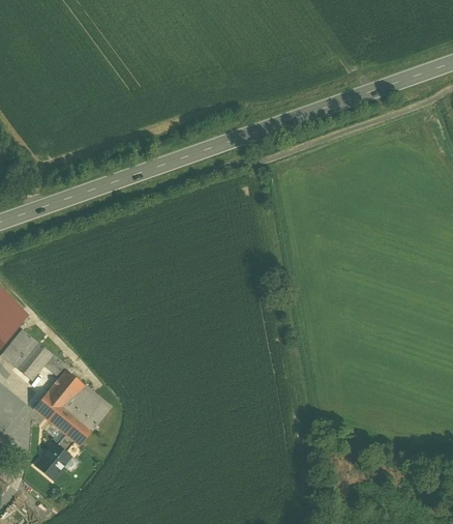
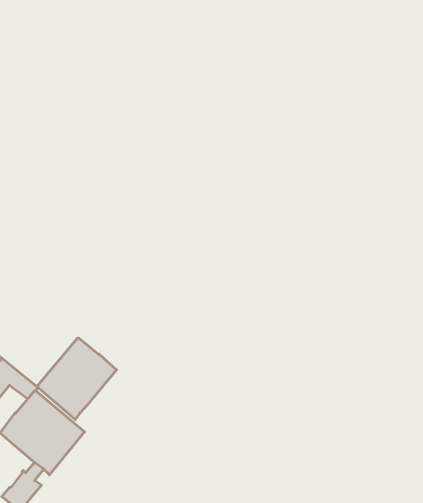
building: none -> [37,338,117,420]

